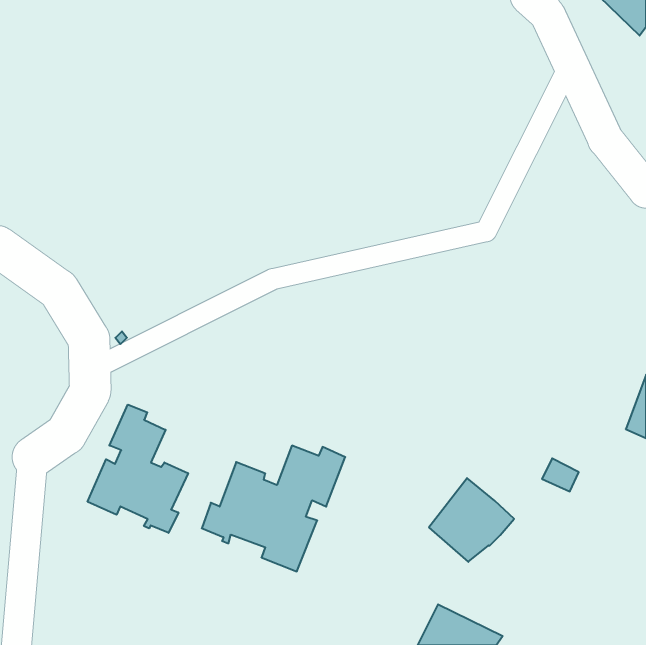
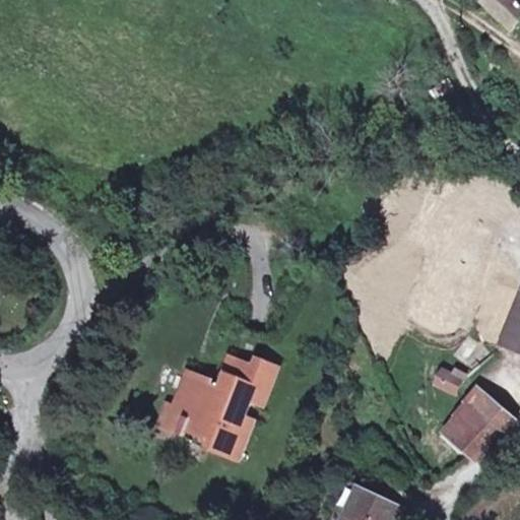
building: [88,405,188,533] -> none
building: [429,478,514,562] -> [444,392,512,459]

